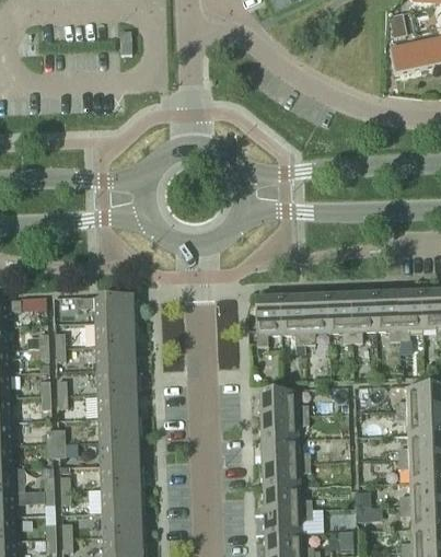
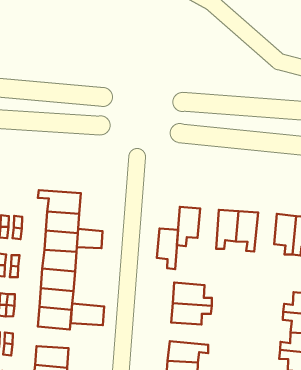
building: [351,291,375,340] -> none
building: [280,294,305,343] -> [157,229,178,269]
building: none -> [77,229,103,248]
building: [262,437,310,462] -> none
building: [100,462,140,487] -> [71,303,104,325]

